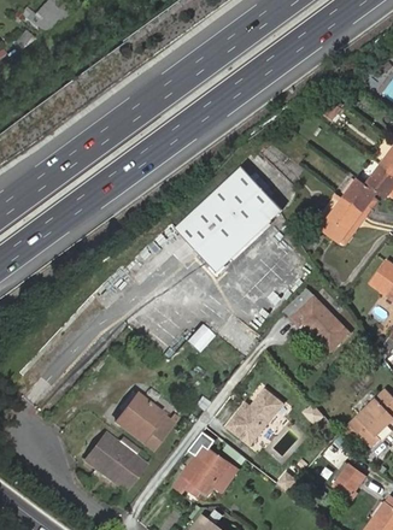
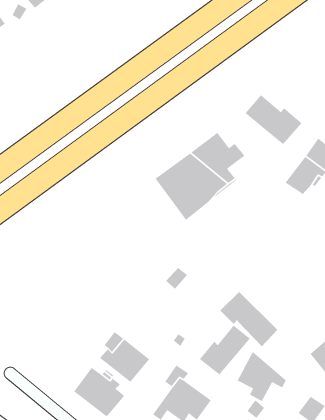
building: none -> [244,94,303,145]
building: [285,288,350,351] -> [220,291,278,347]
building: none -> [236,351,287,402]

